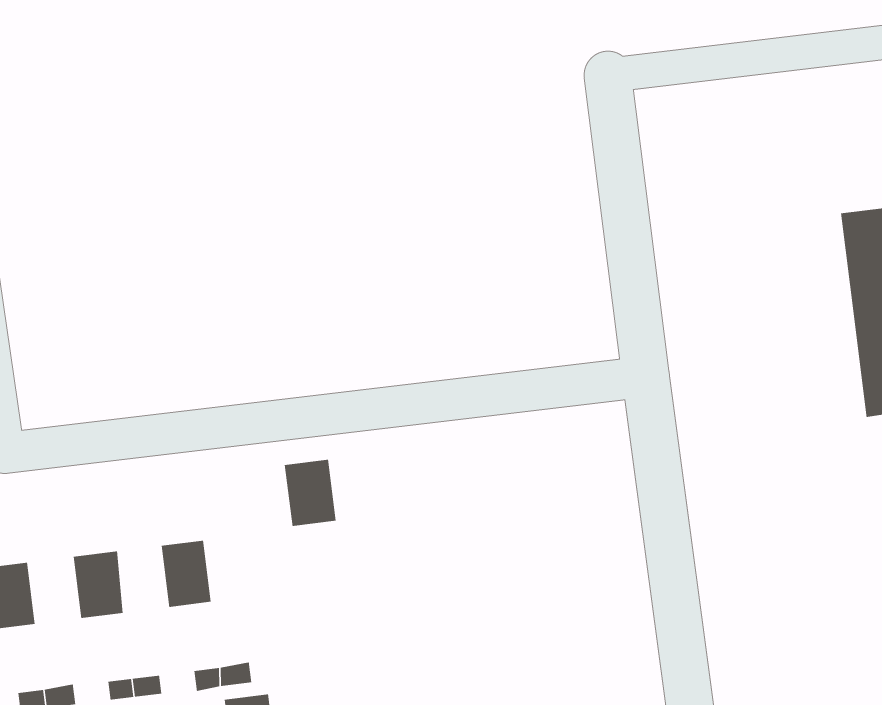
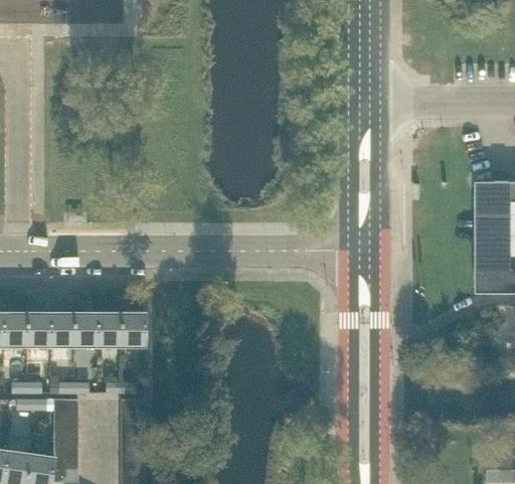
building: [284,459,337,527] -> [119,312,143,345]
building: none -> [71,312,96,345]
building: none -> [24,312,48,345]

